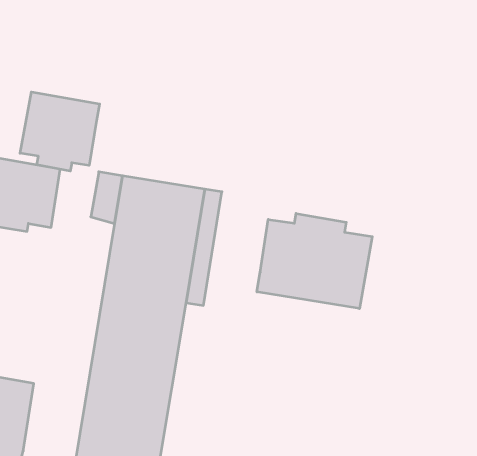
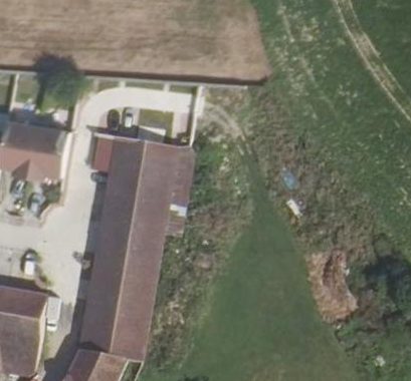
building: [20,92,100,171] -> none
building: [257,213,372,309] -> none

